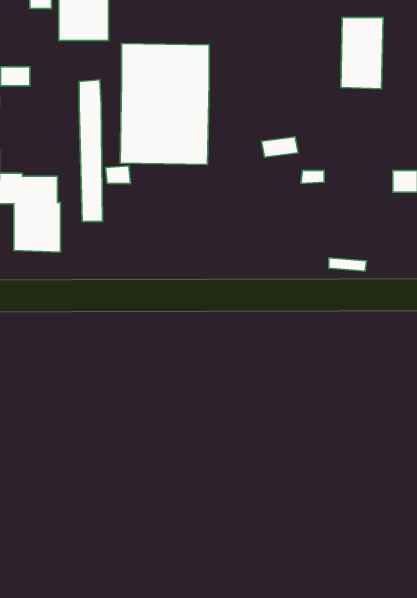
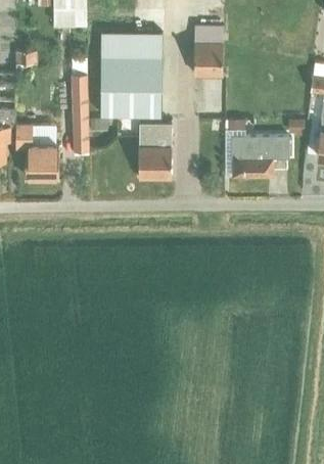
building: [341,17,383,89] -> [193,27,223,77]
building: none -> [138,124,172,180]
building: none -> [231,138,289,176]

